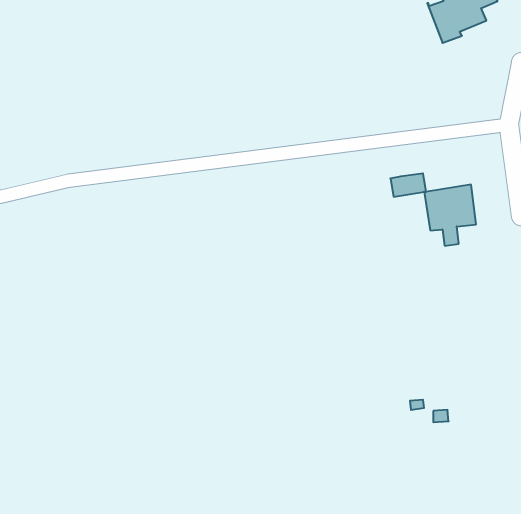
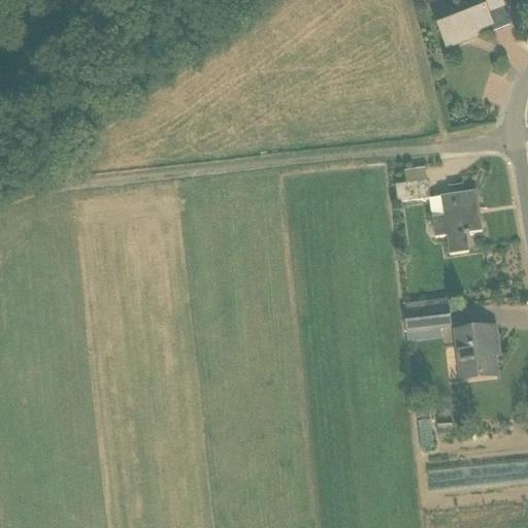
building: none -> [404,302,452,328]
building: none -> [456,323,498,376]

